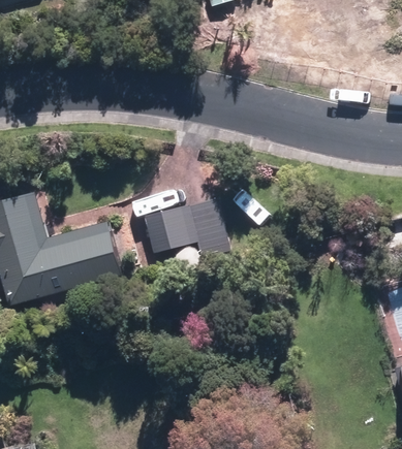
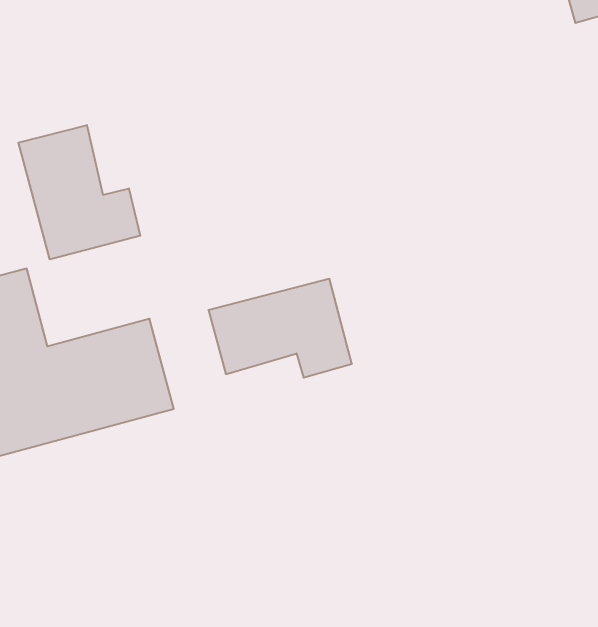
building: none -> [18,125,140,259]

